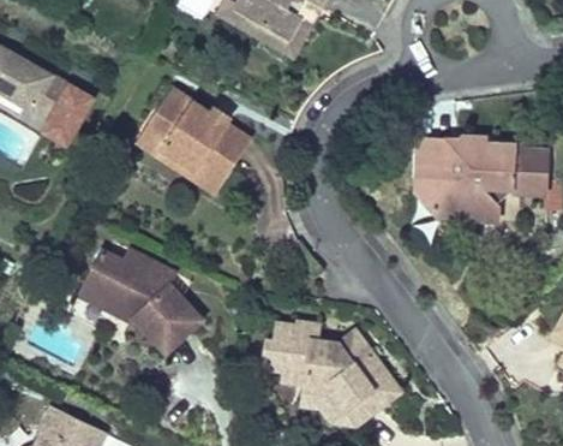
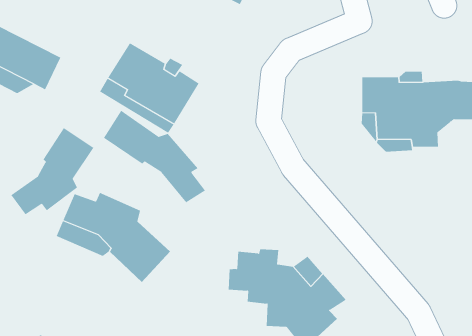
building: none -> [103,110,206,203]
building: none -> [10,127,94,215]

